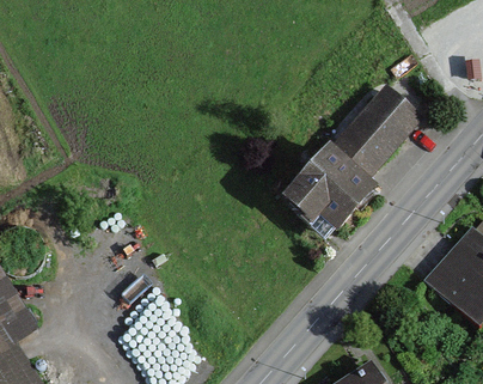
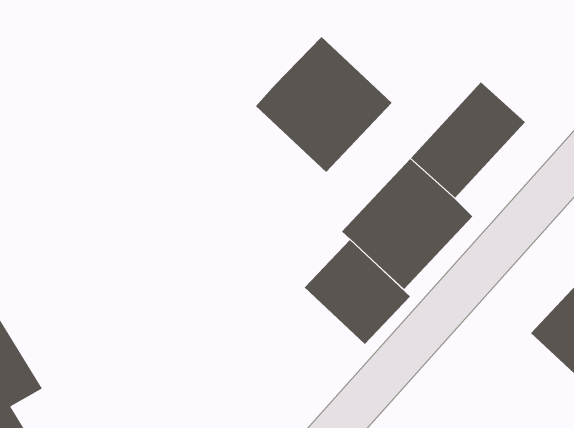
building: none -> [255,36,393,173]
building: none -> [304,239,411,345]

